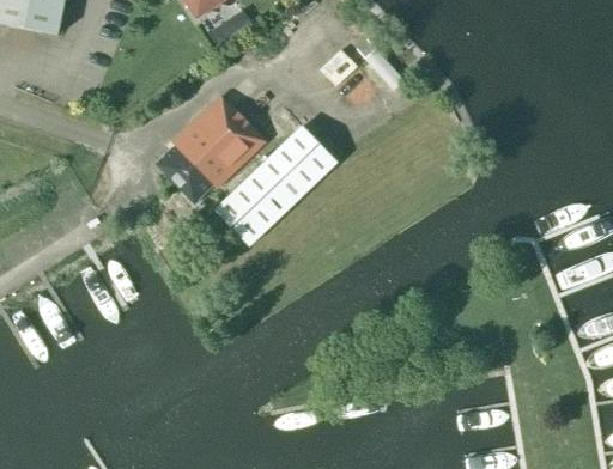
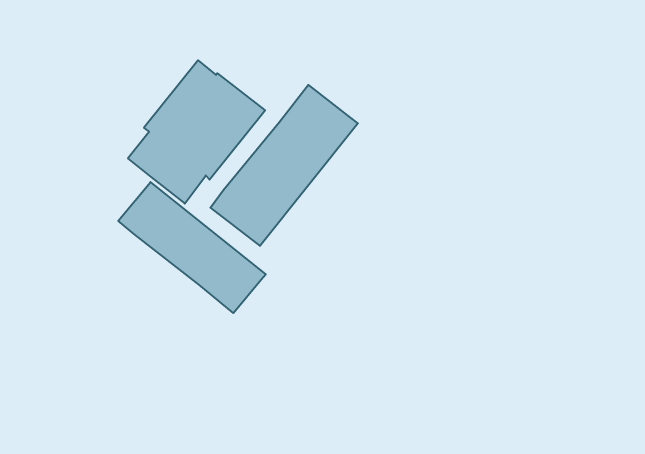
building: none -> [118,182,266,313]

